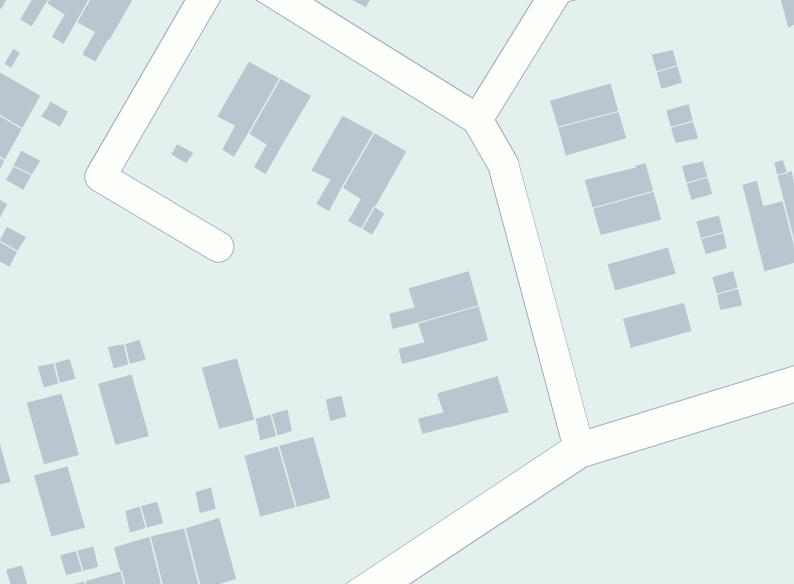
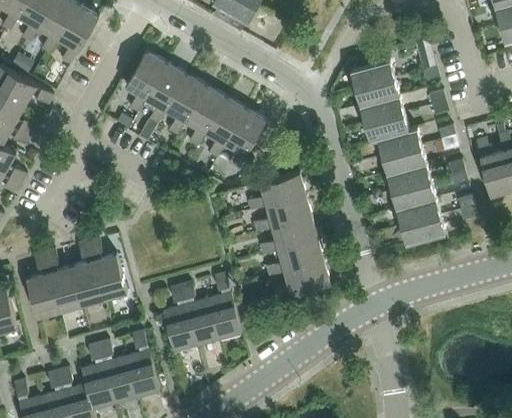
building: none -> [125,51,166,112]
building: none -> [350,59,394,88]
building: none -> [185,85,225,146]
building: none -> [365,112,409,141]
building: none -> [387,163,430,191]
building: none -> [248,172,305,210]
building: none -> [396,197,440,225]
building: none -> [266,239,323,276]
building: [201,358,255,429] -> [93,254,127,299]
building: none -> [207,292,241,338]
building: [33,466,86,537] -> [49,266,82,311]

